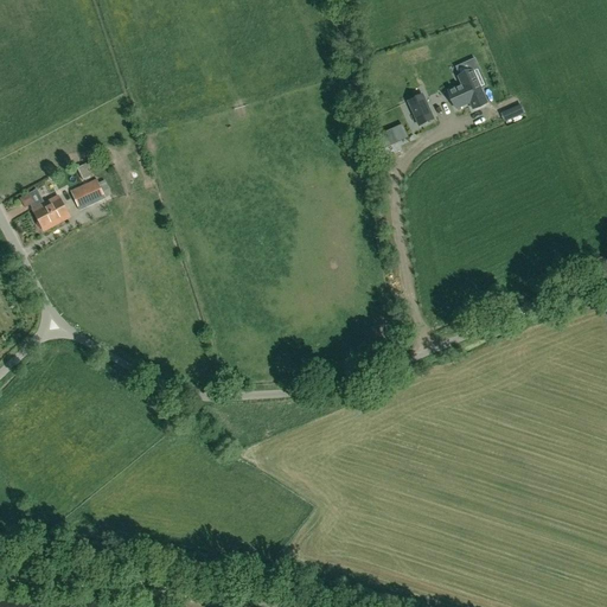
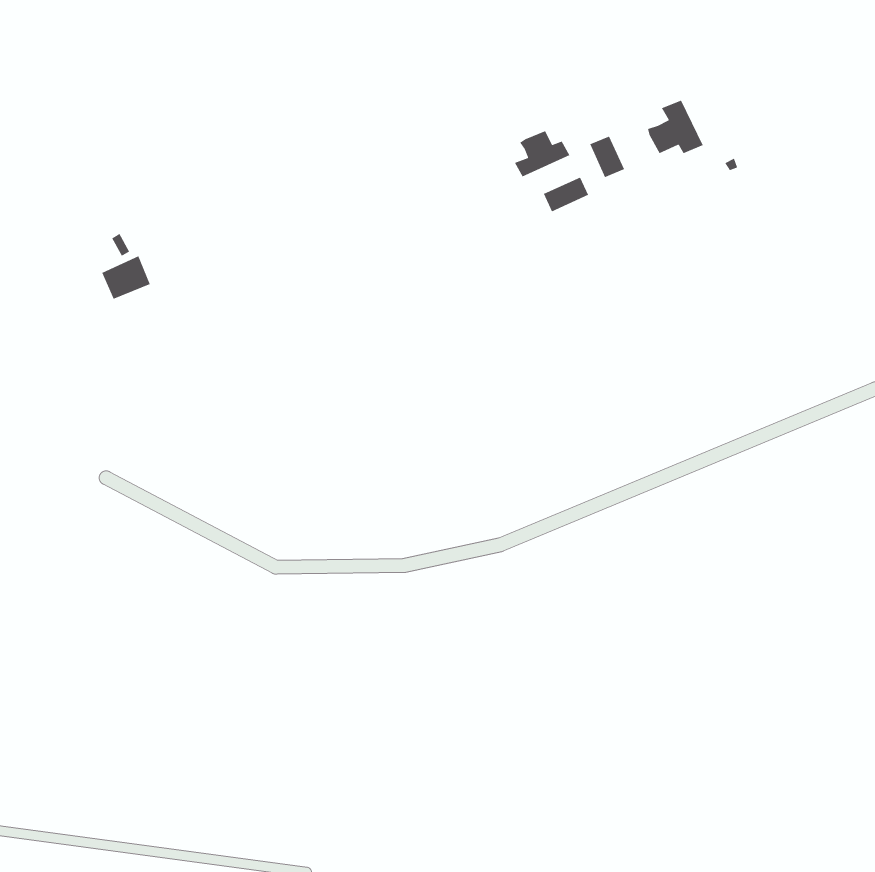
building: none -> [514,130,570,178]
building: [32,194,69,229] -> none

